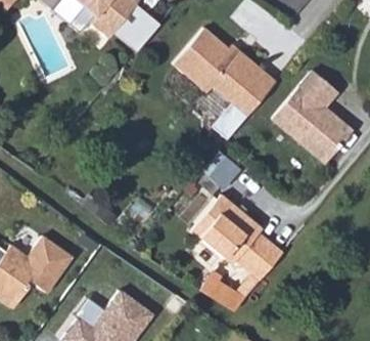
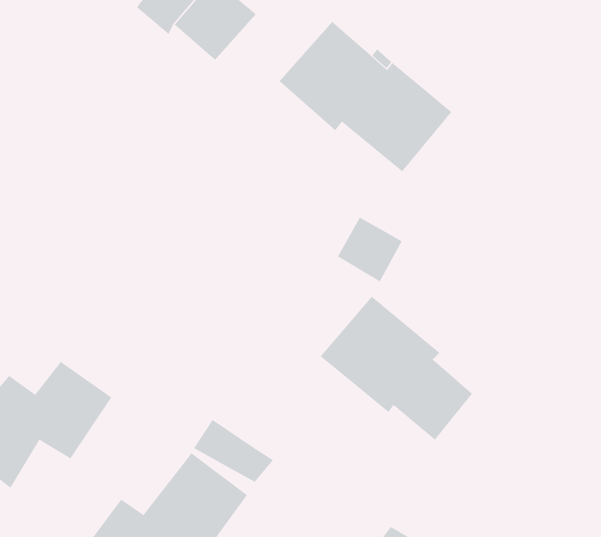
building: [268,69,353,164] -> none
building: [201,272,249,310] -> [193,419,274,483]

